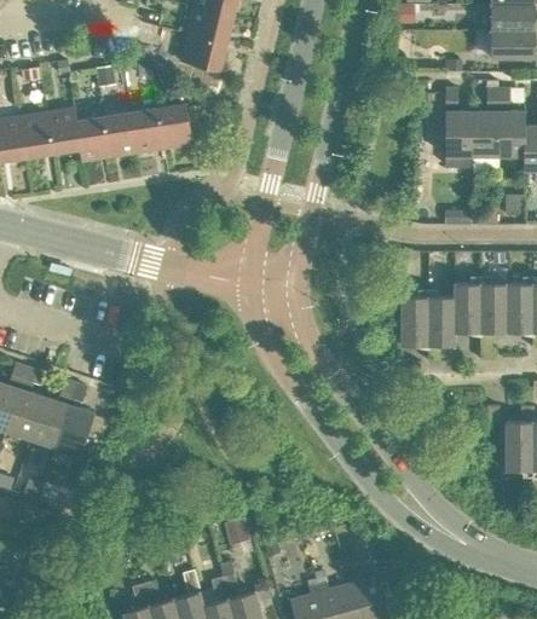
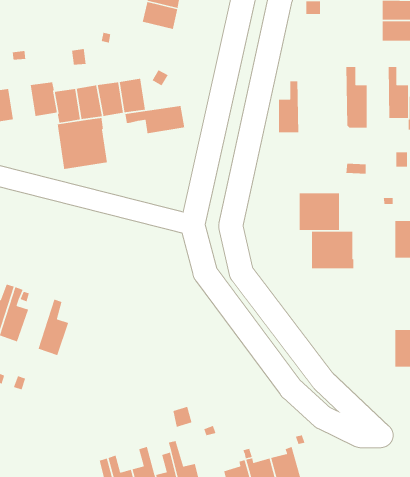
building: [180,34,227,71] -> none
building: [473,89,500,156] -> [278,81,299,133]
building: [19,112,52,157] -> none
building: none -> [124,105,185,134]
building: none -> [57,117,108,170]
building: [455,284,507,332] -> [299,193,340,231]
building: [30,380,76,447] -> none

